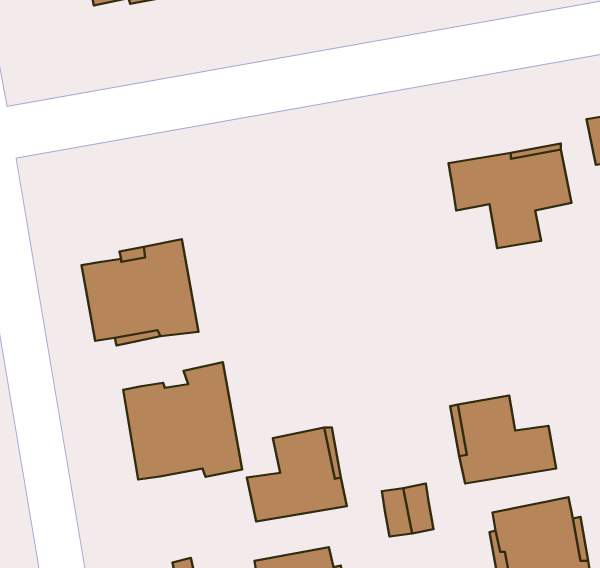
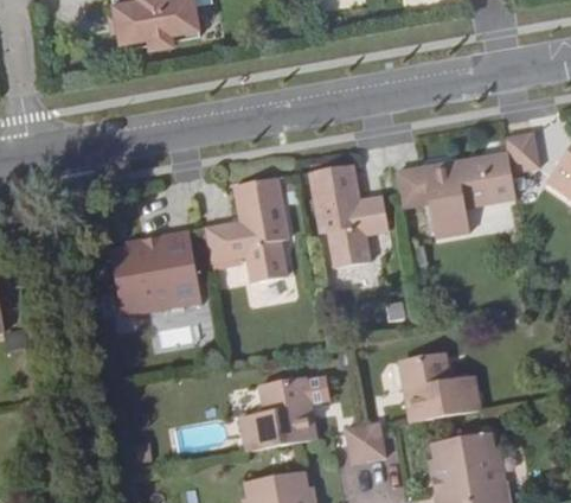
building: none -> [309,165,389,266]
building: none -> [206,178,286,281]
building: [123,362,242,480] -> none

